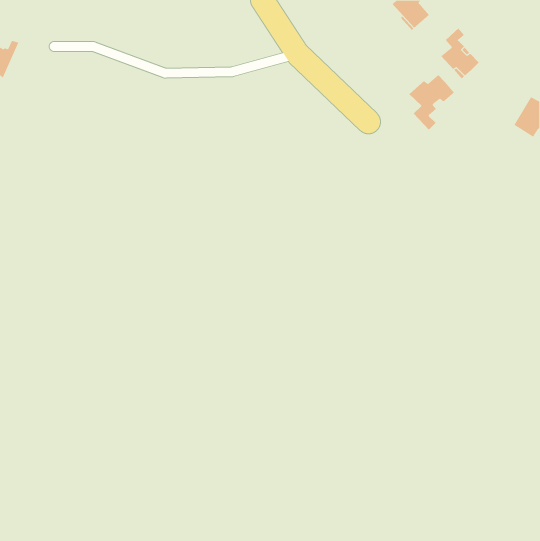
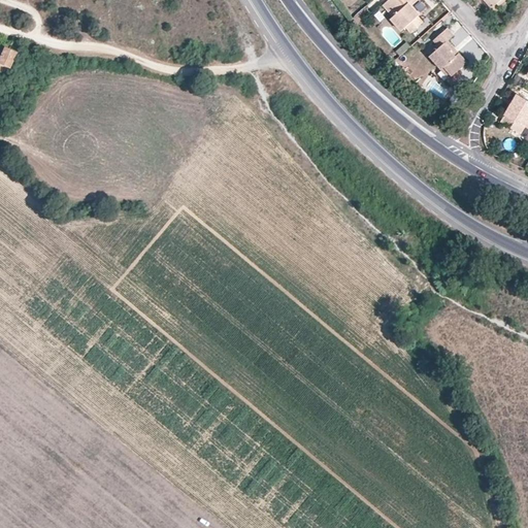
building: [409,74,455,131] -> none

